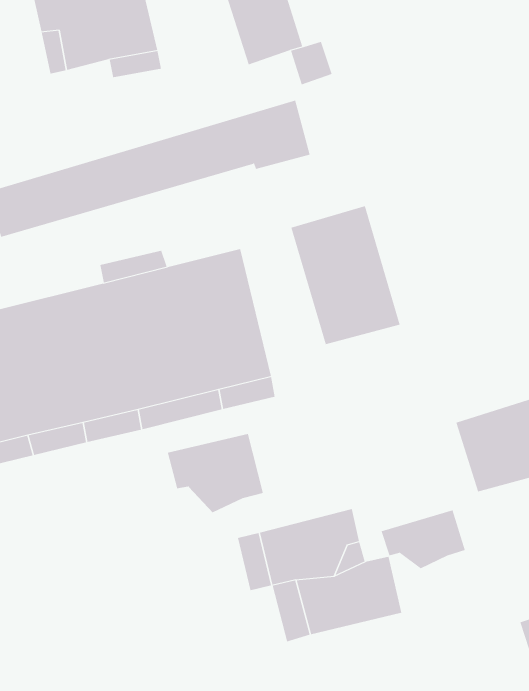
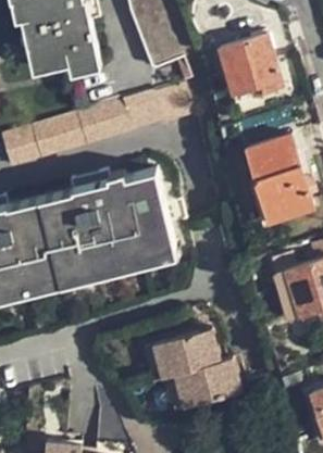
building: none -> [219,36,281,91]
building: [290,206,400,345] -> [245,138,310,221]
building: [167,433,263,513] -> none
building: [381,509,466,569] -> none

